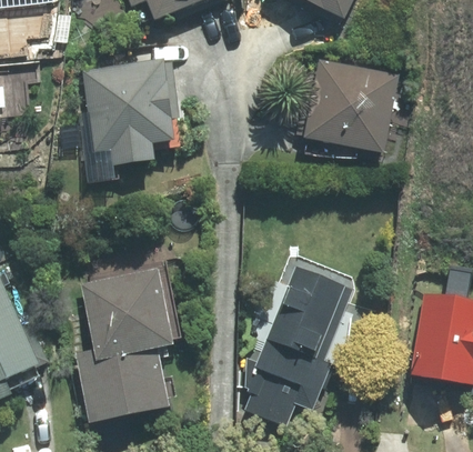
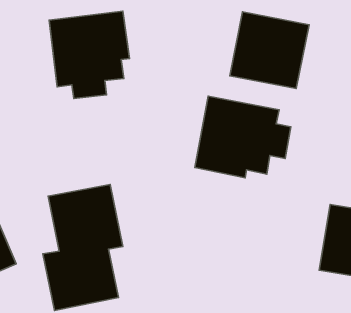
building: none -> [195,96,291,178]
building: [244,265,352,419] -> none

